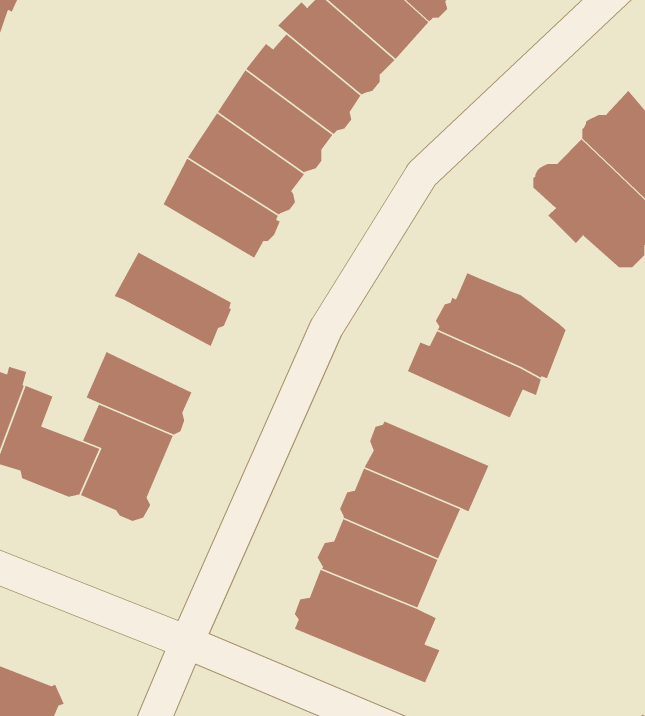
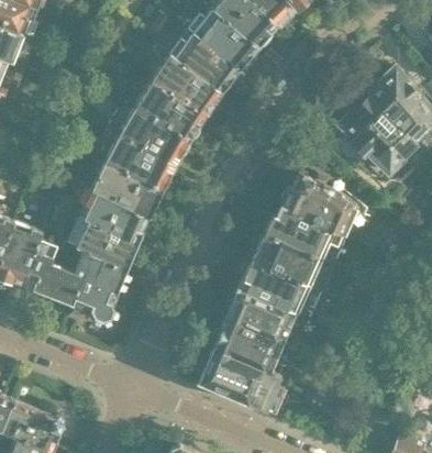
building: none -> [107,135,175,192]
building: none -> [85,191,151,245]
building: none -> [251,233,324,288]

